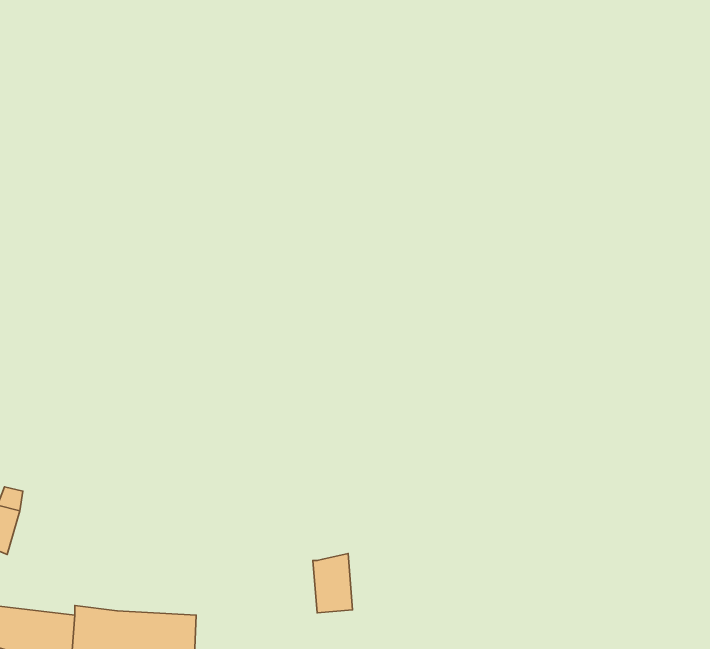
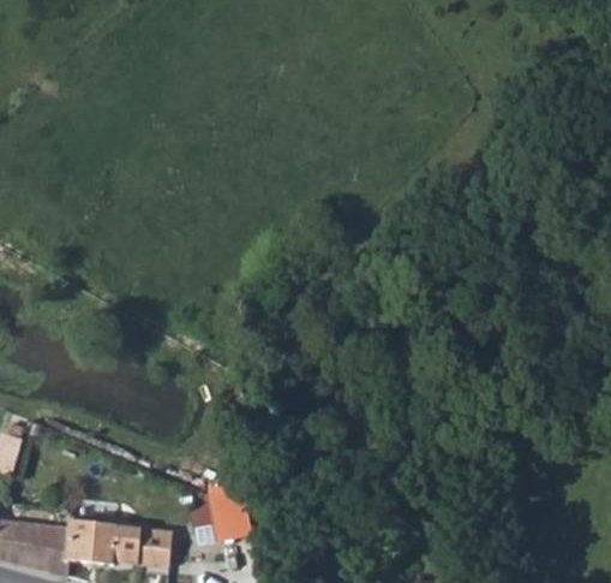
building: [313,554,352,613] -> [209,480,242,530]

